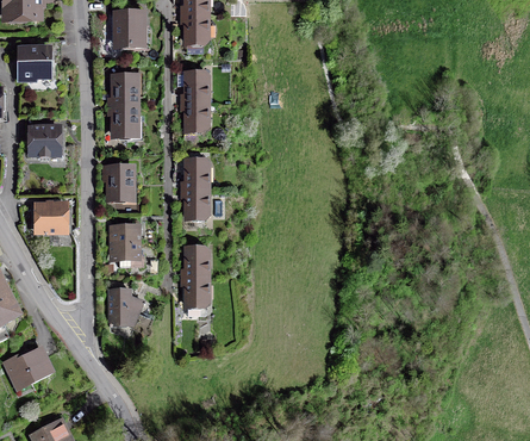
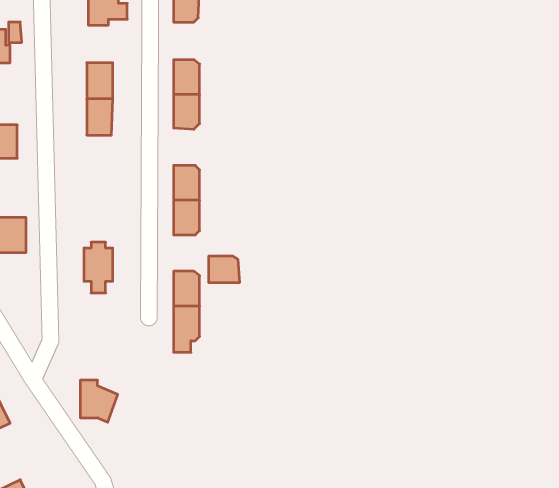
building: [110,167,130,199] -> none
building: none -> [209,256,239,283]
building: [110,290,141,324] -> [80,380,118,422]

